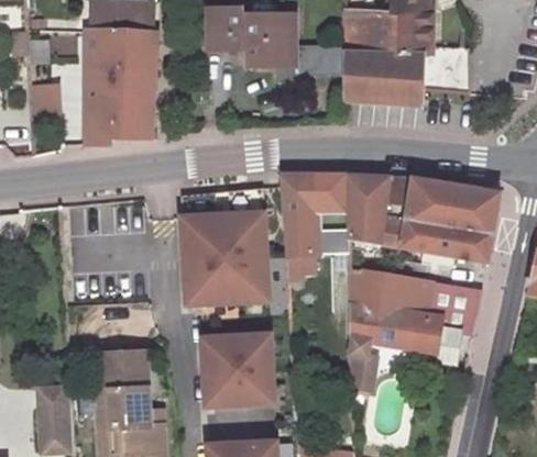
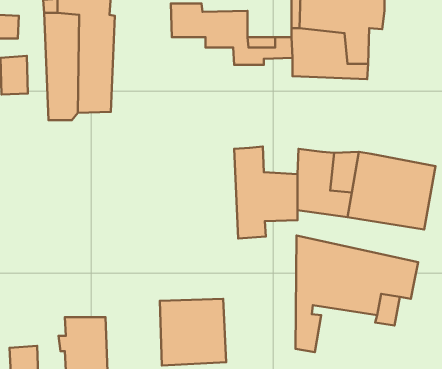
building: [427,44,478,88] -> none
building: [314,171,352,201] -> none
building: [183,186,270,302] -> none

